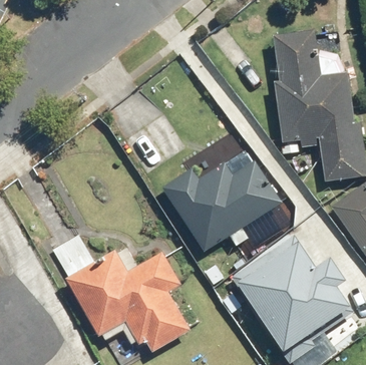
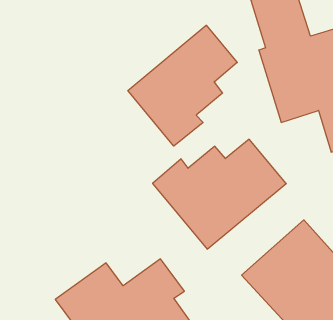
building: none -> [128,25,237,146]

